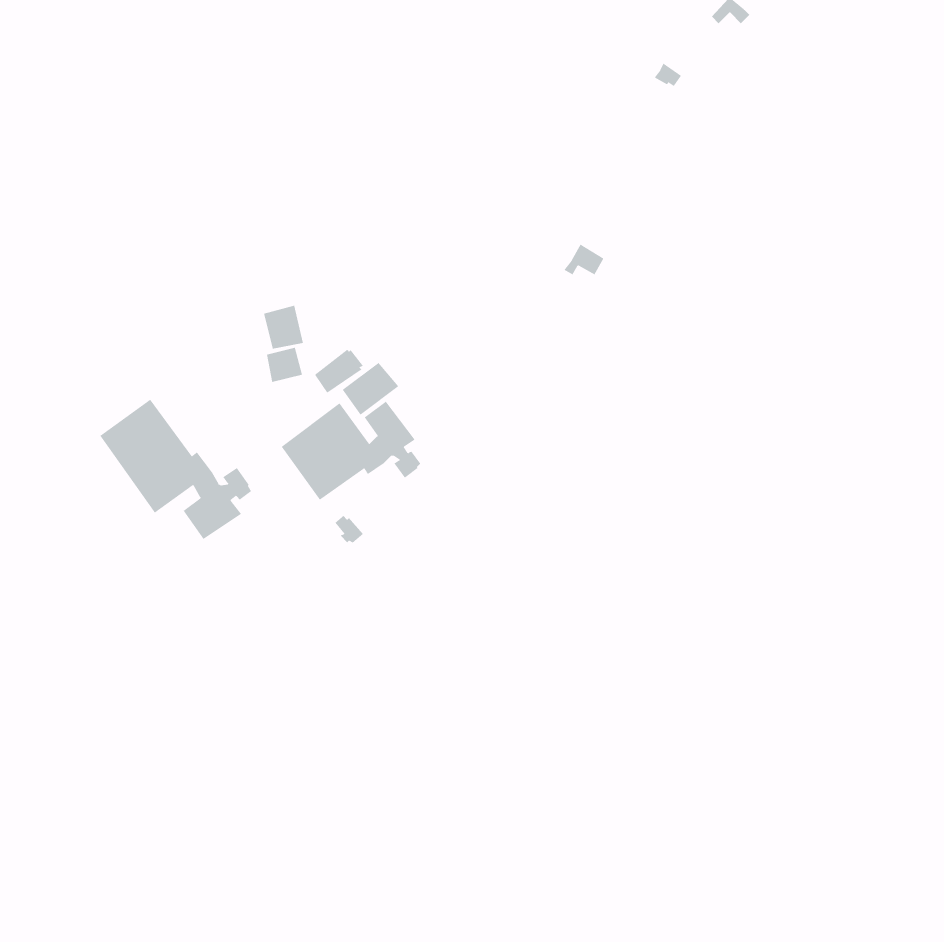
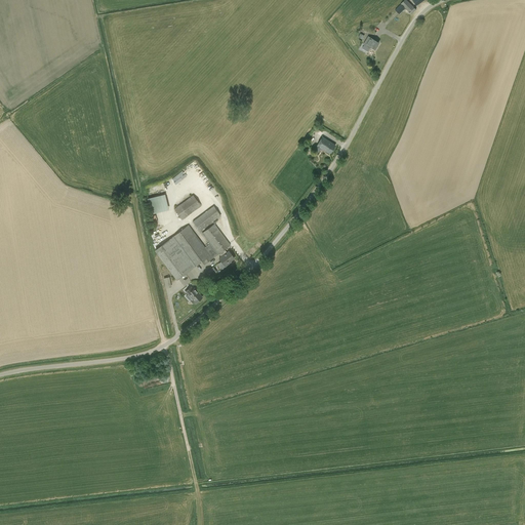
building: [263,305,304,349] -> none
building: [100,399,252,540] -> none

